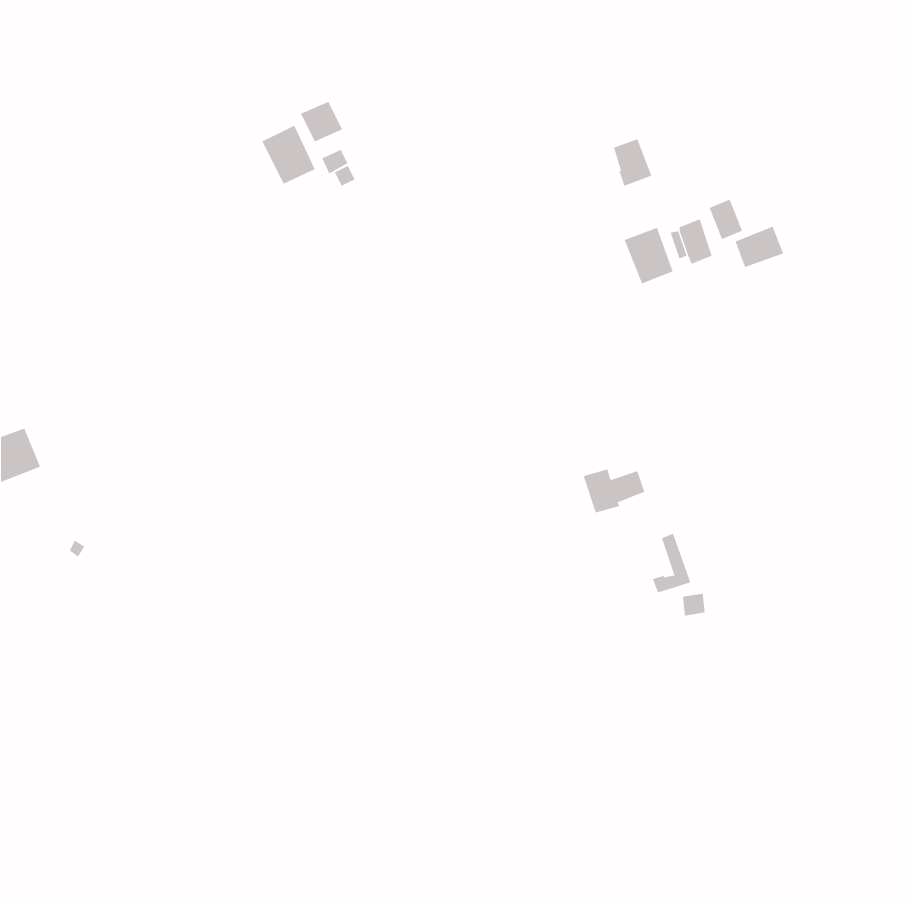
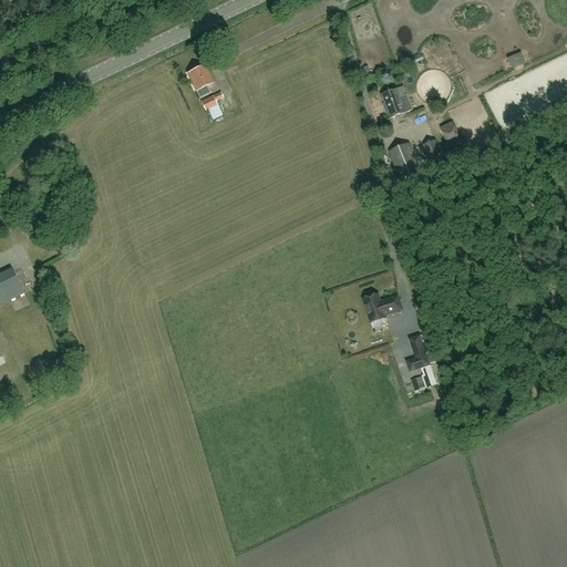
building: [262,125,315,185] -> none
building: [735,226,784,268] -> none

